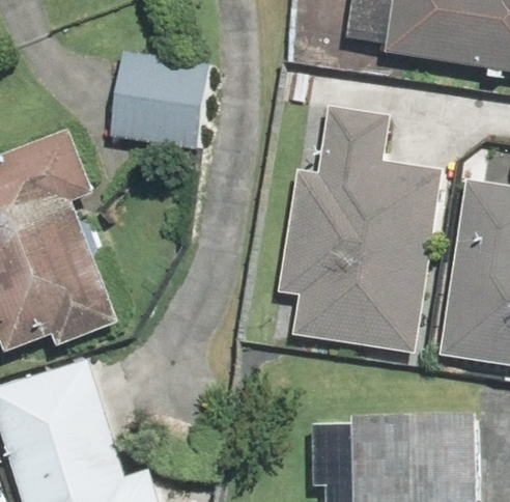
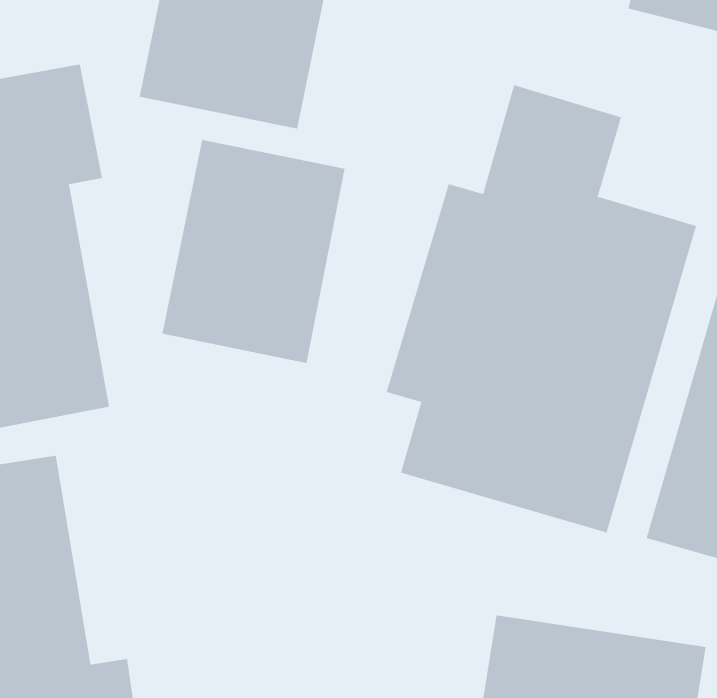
building: none -> [162,139,345,364]

